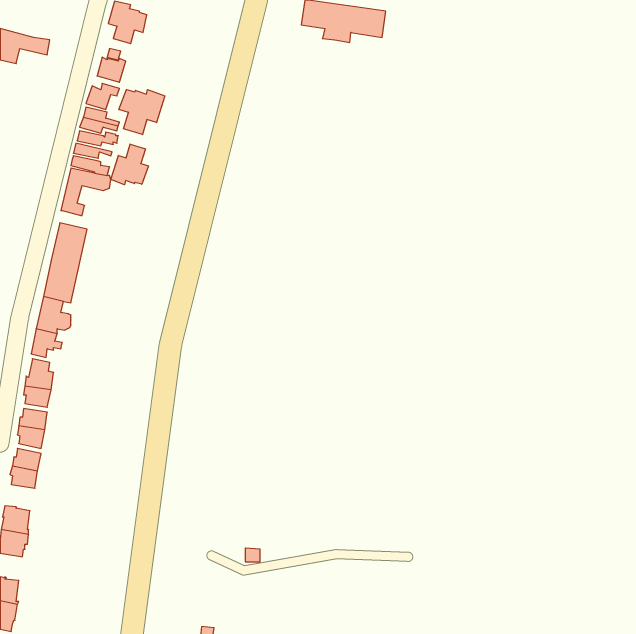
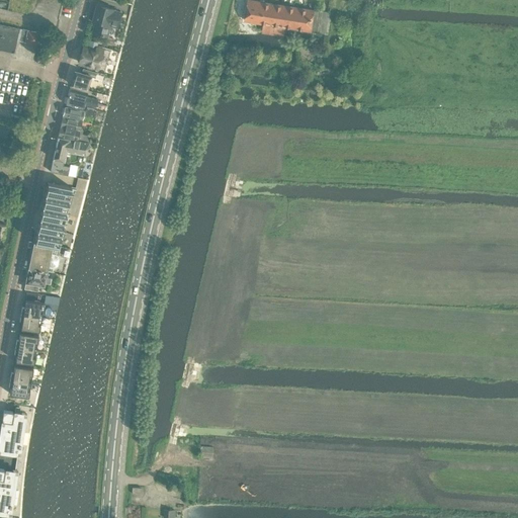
building: [119,90,165,135] -> none
building: [111,144,148,185] -> none

